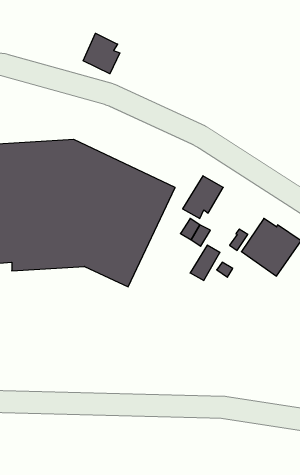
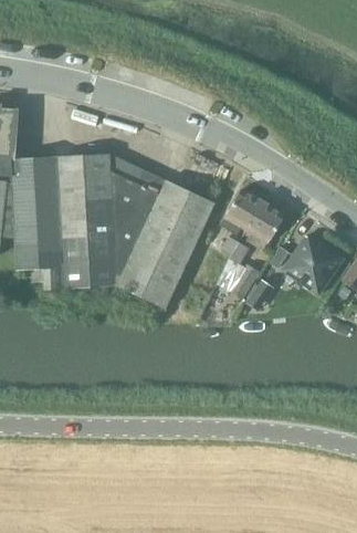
building: [83,33,120,74] -> none
building: none -> [248,202,285,250]

